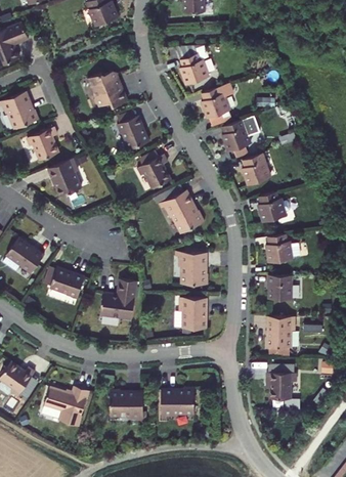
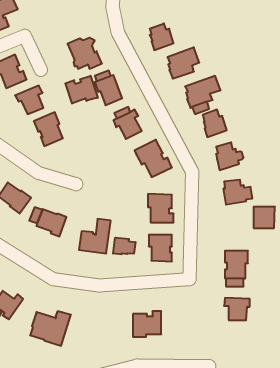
building: none -> [65,76,98,104]
building: [268,276,293,301] -> [254,207,275,228]
building: none -> [113,238,136,254]
building: [110,390,143,419] -> none

